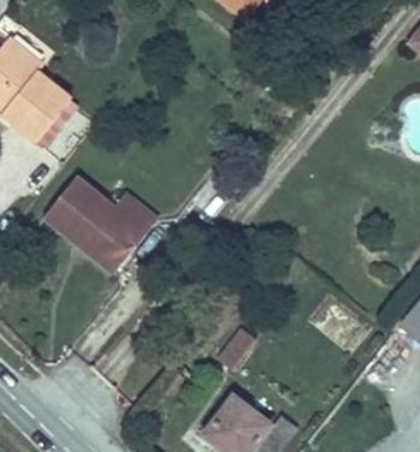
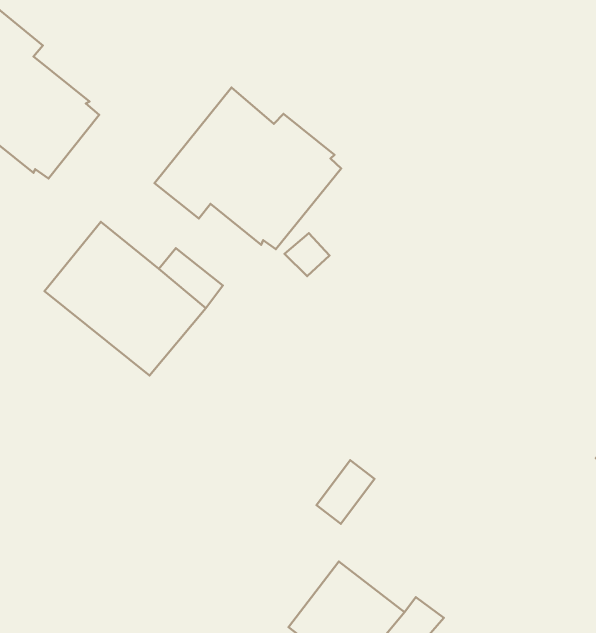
building: none -> [154,88,341,249]

